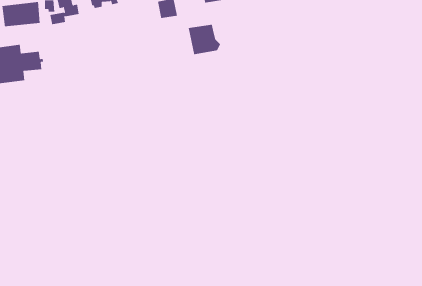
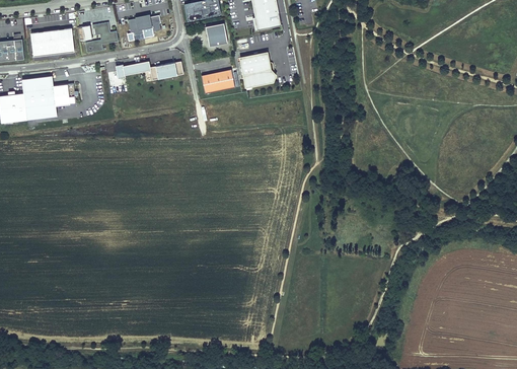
building: none -> [116,61,183,79]
building: none -> [200,69,234,93]

